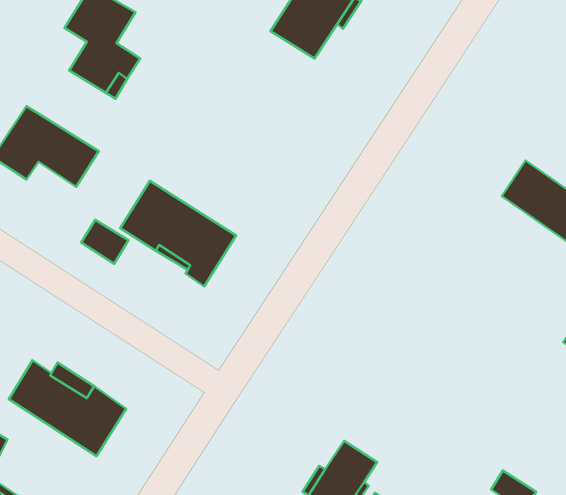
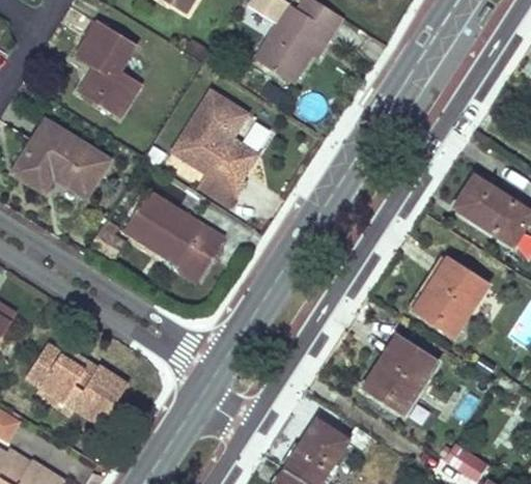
building: none -> [171,90,258,206]
building: none -> [415,256,487,333]
building: none -> [364,333,438,409]

